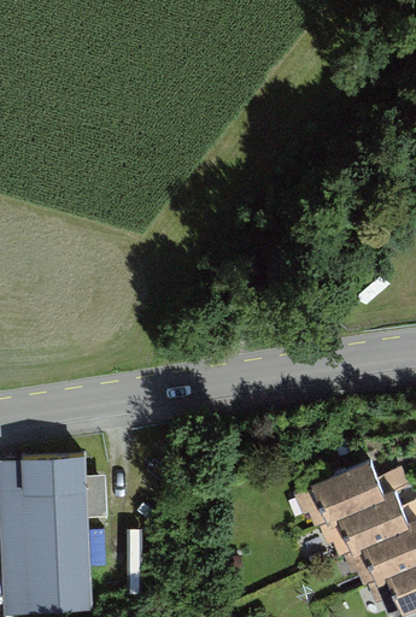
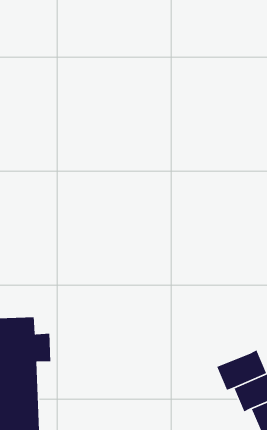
building: [311,463,385,525] -> none

